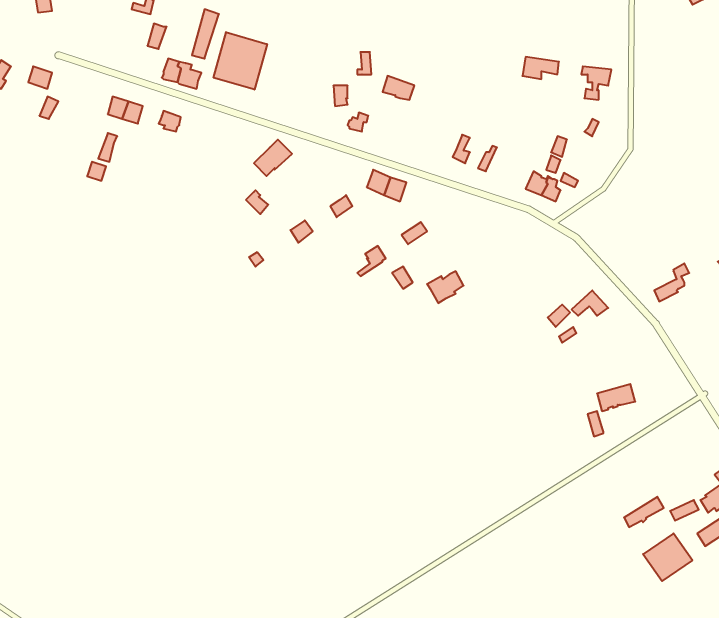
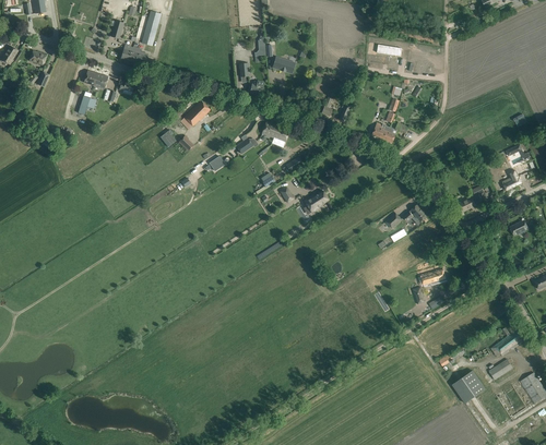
building: [214,32,267,90] -> none

